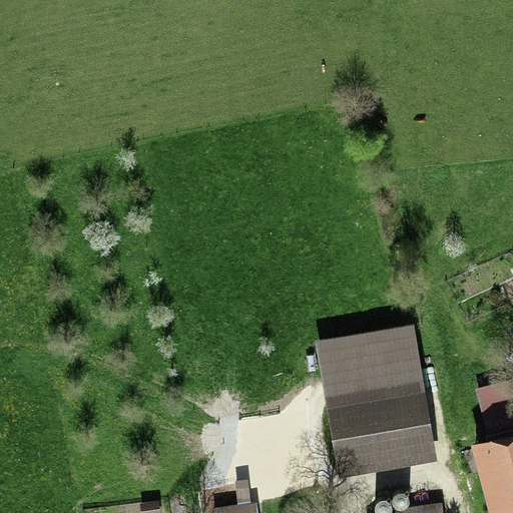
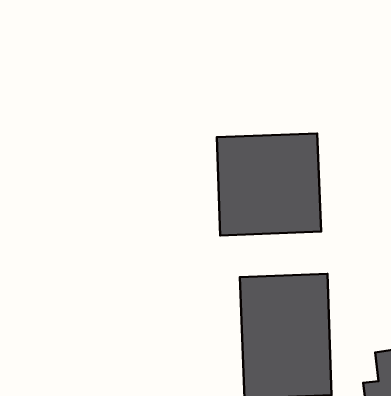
building: none -> [217,133,321,235]

